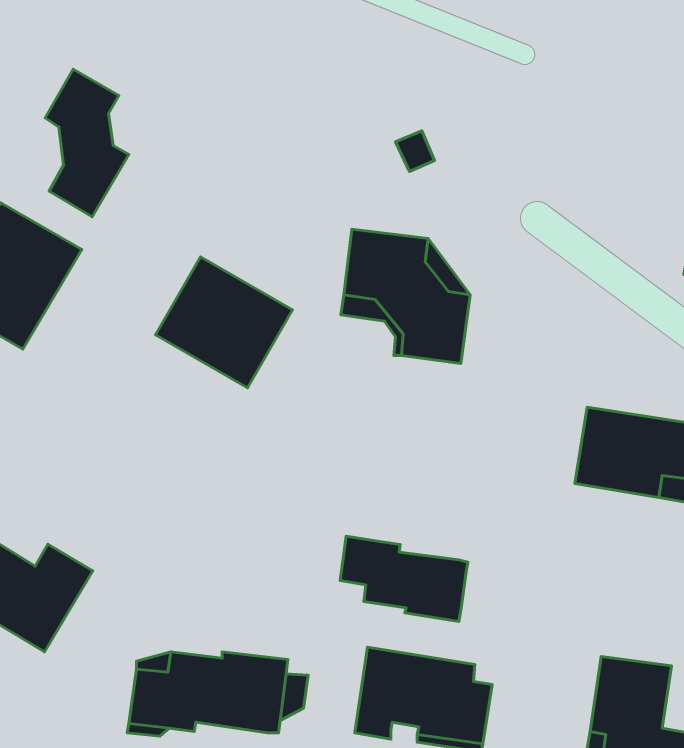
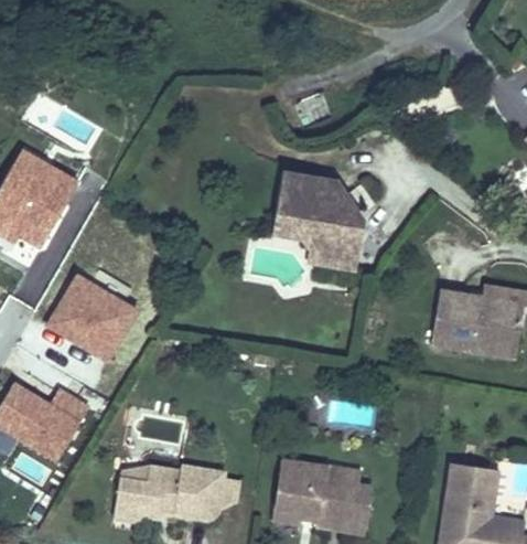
building: [45,69,129,217] -> none
building: [155,257,293,388] -> [44,269,141,362]
building: [340,536,468,621] -> none

